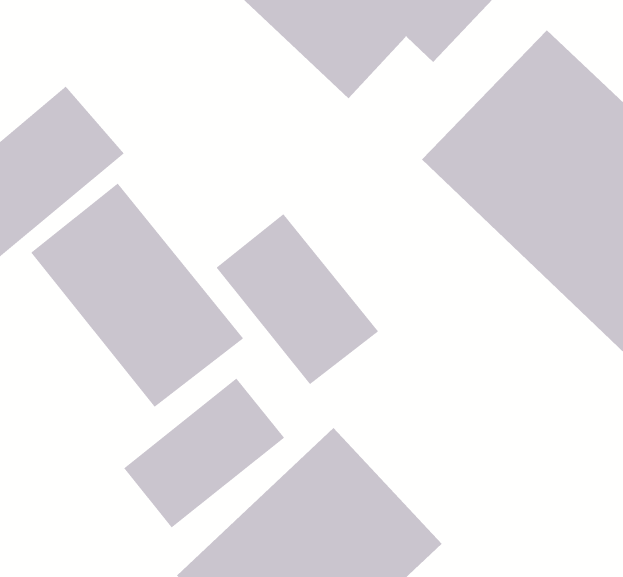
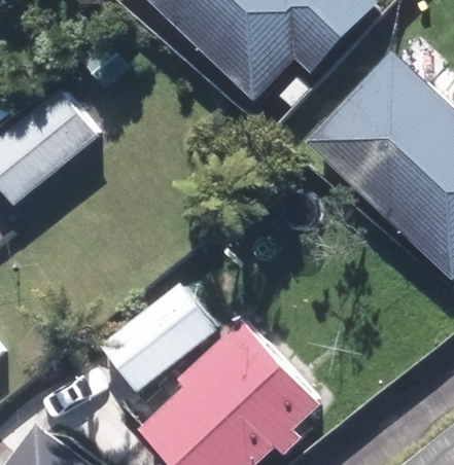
building: [30,182,244,408] -> none
building: [215,213,379,385] -> none

